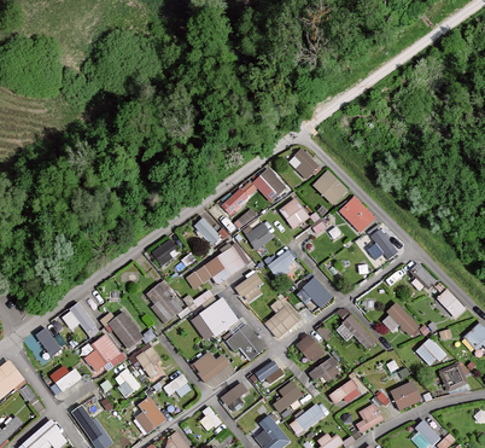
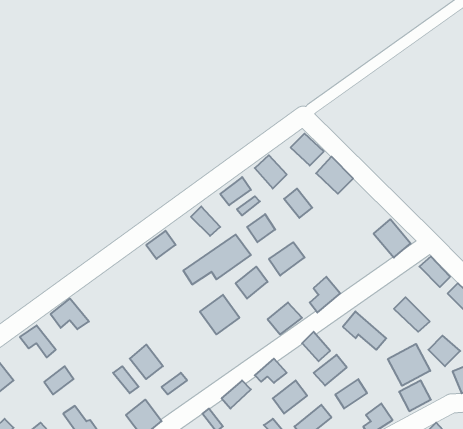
building: [340,197,375,232] -> none
building: [145,284,182,322] -> none
building: [109,313,144,349] -> none
building: [226,325,264,360] -> none
building: [84,334,118,372] -> none
building: none -> [388,344,430,386]
building: [194,351,234,386] -> none

